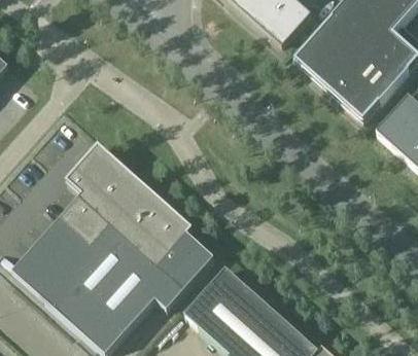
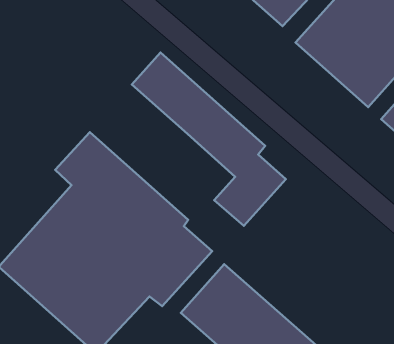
building: none -> [132,53,286,226]

